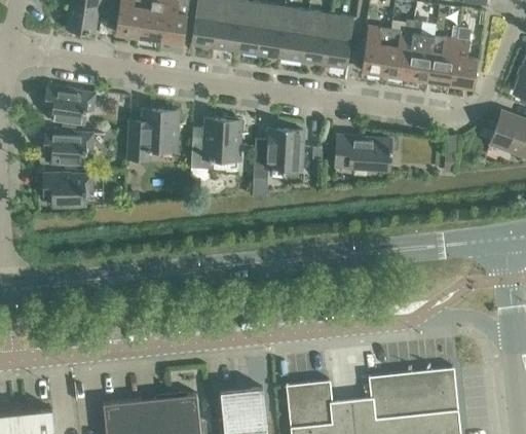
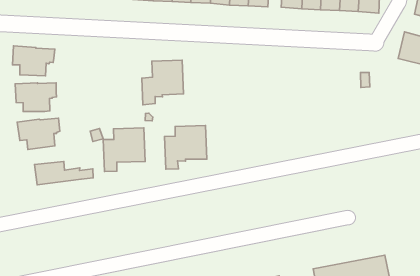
building: [127,110,178,159] -> [103,128,145,171]
building: [253,130,303,179] -> [165,125,207,169]
building: [335,137,390,169] -> none
building: none -> [34,162,93,185]

